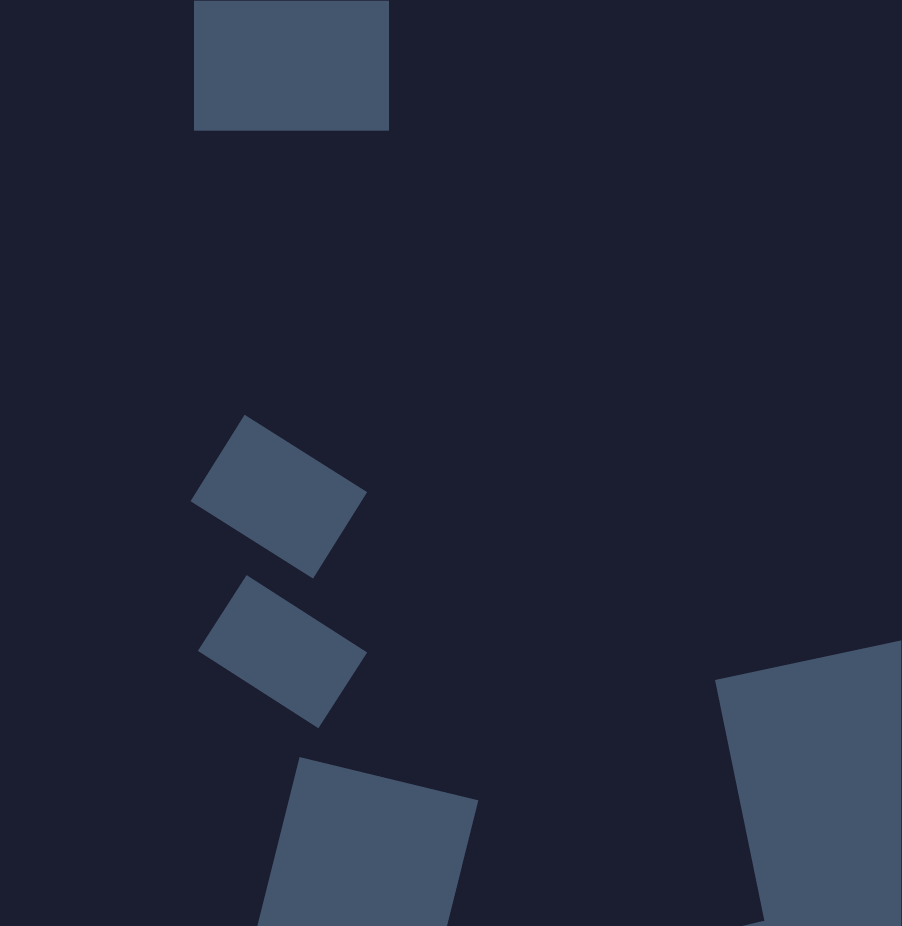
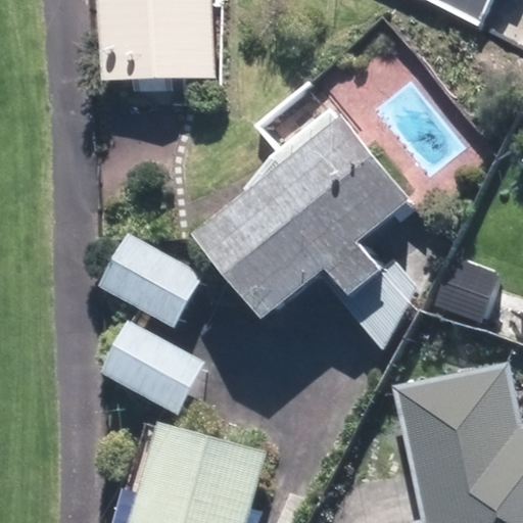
building: none -> [218,112,427,311]

